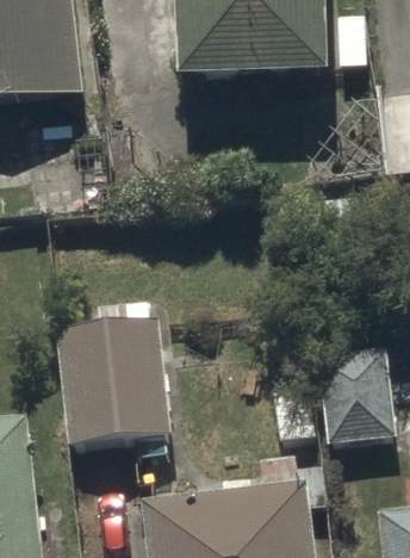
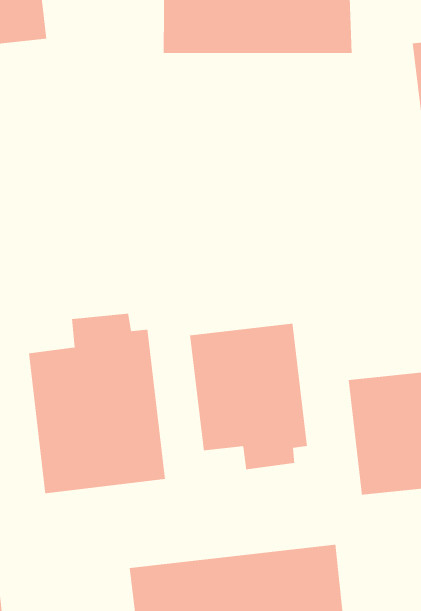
building: none -> [189,323,307,470]

